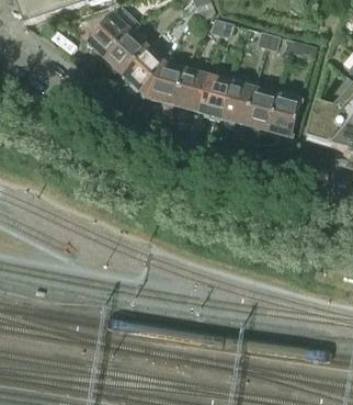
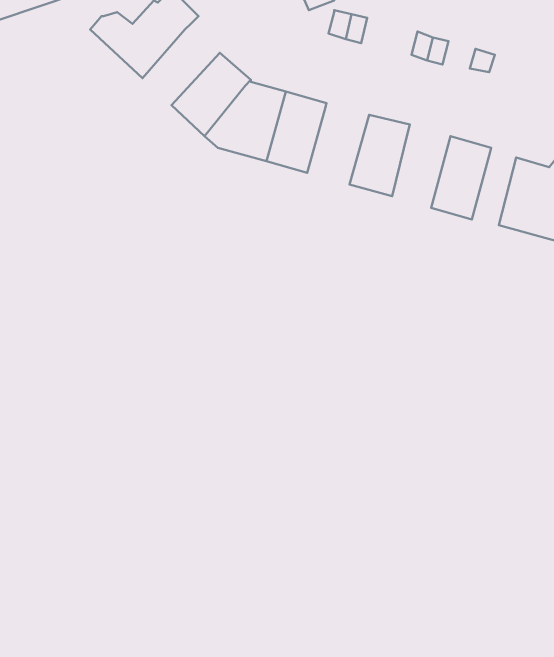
building: [105,26,149,72] -> none
building: [198,71,234,117] -> none
building: [247,83,280,131] -> none

